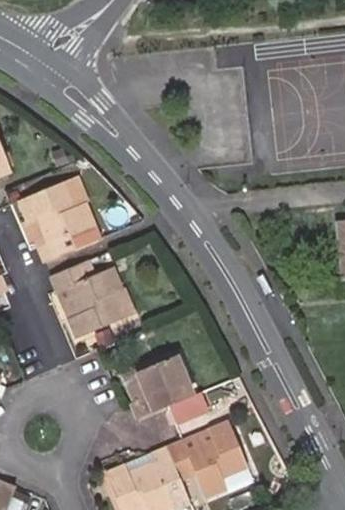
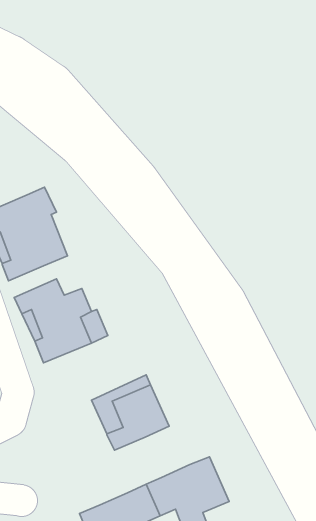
building: [168,391,209,425] -> none

